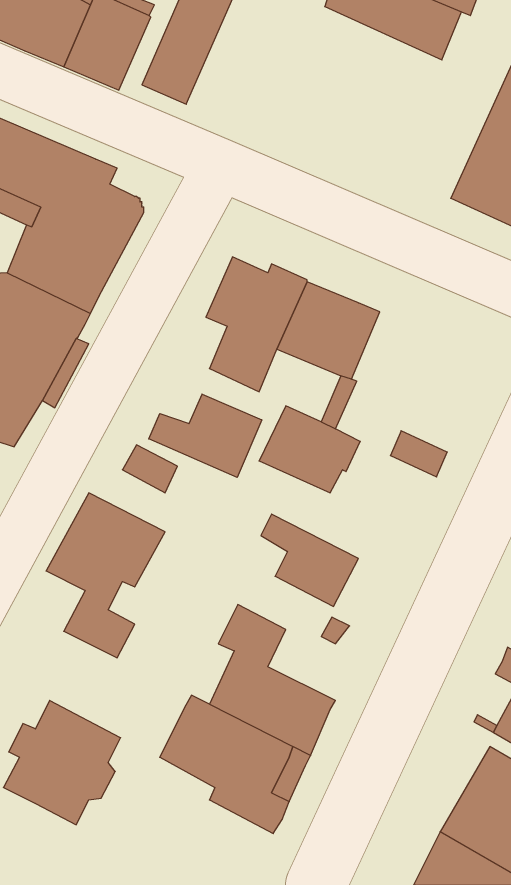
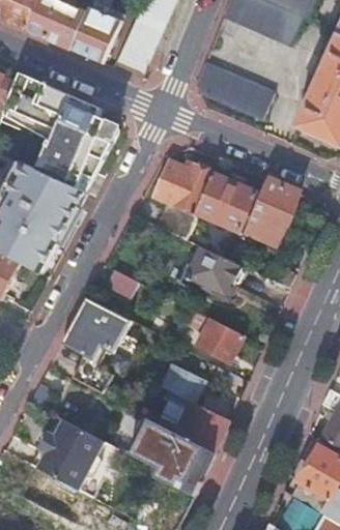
building: none -> [194,61,273,118]
building: none -> [243,177,298,240]
building: [149,394,262,477] -> none

